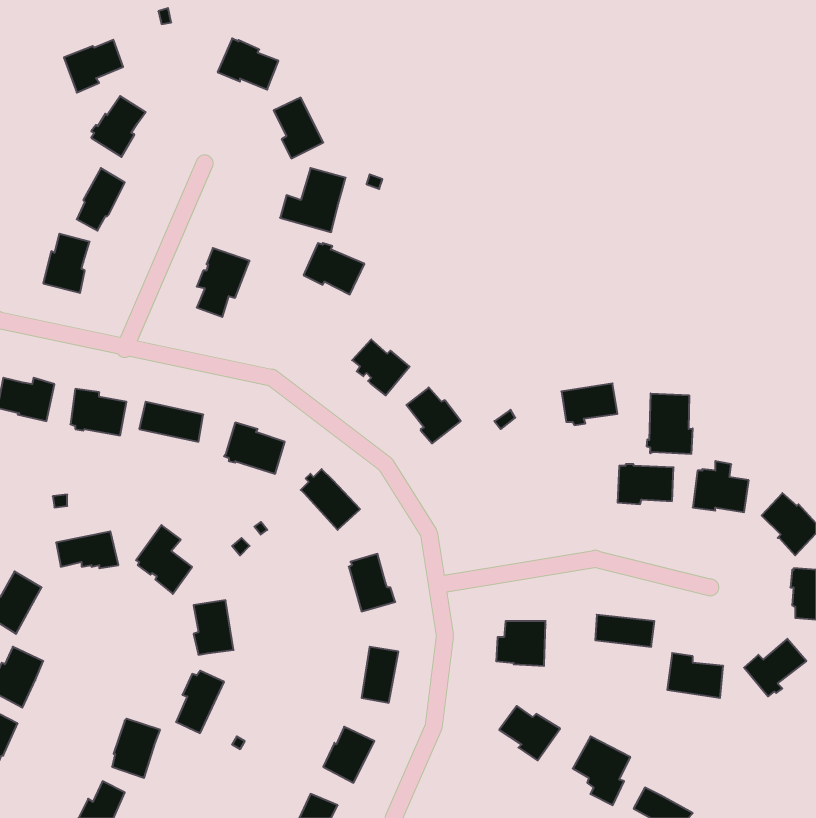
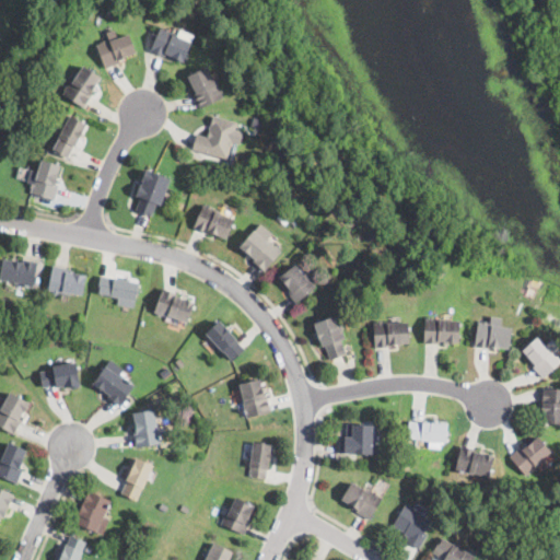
building: [64,40,123,93] -> [95,33,136,69]
building: [304,243,364,294] -> [192,205,234,240]
building: [561,383,617,425] -> [372,320,410,349]
building: [647,393,693,454] -> none
building: none -> [313,316,345,359]

